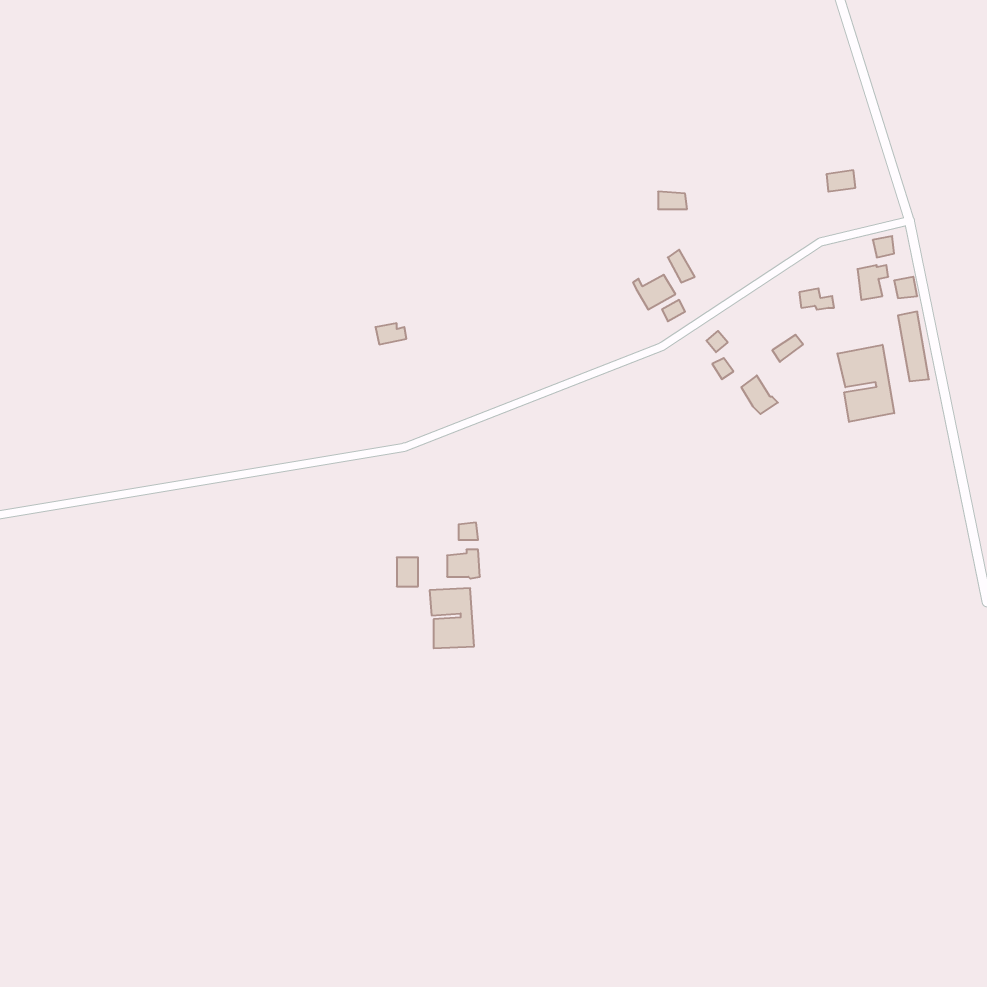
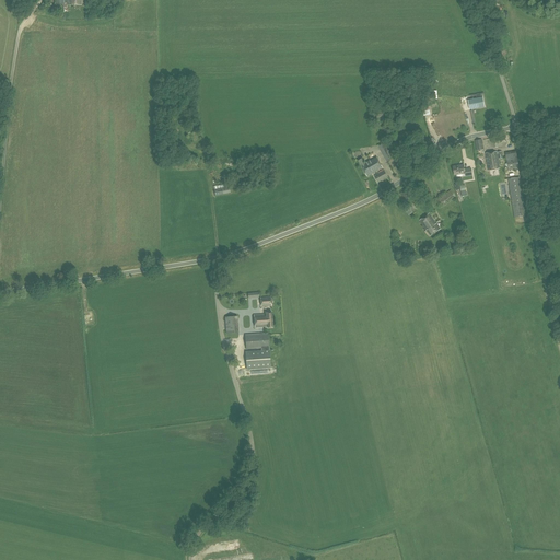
building: [837,345,894,422] -> none

